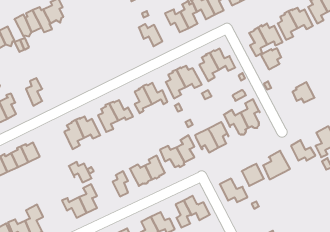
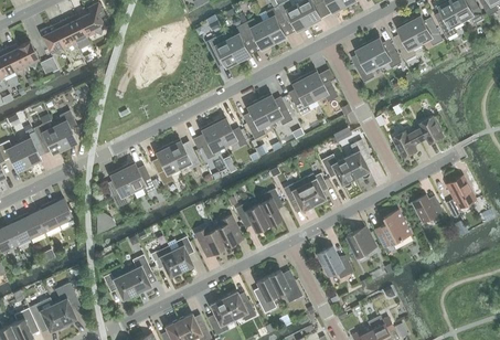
building: none -> [227,24,251,62]
building: [261,48,281,69] -> [392,130,419,159]
building: none -> [32,124,64,155]
building: [69,162,92,182] -> [150,249,181,277]

